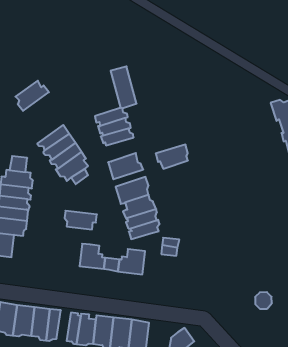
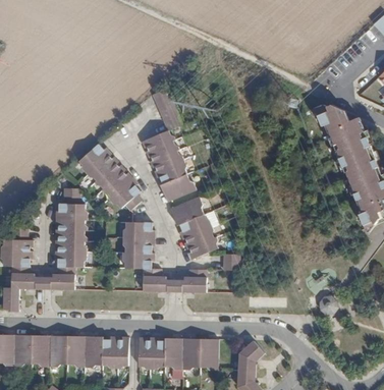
building: [15,81,49,111] -> [77,144,110,175]
building: [156,145,188,169] -> [153,158,185,184]
building: none -> [122,222,154,238]
building: none -> [122,254,154,269]

